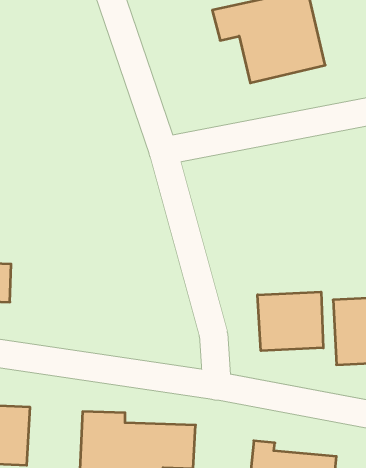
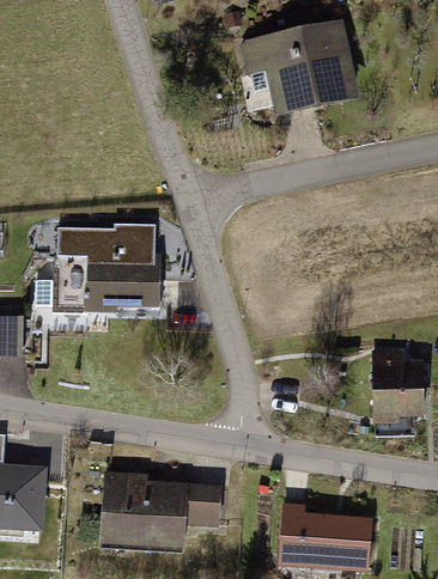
building: none -> [56,232,157,309]
building: [258,292,323,351] -> none

